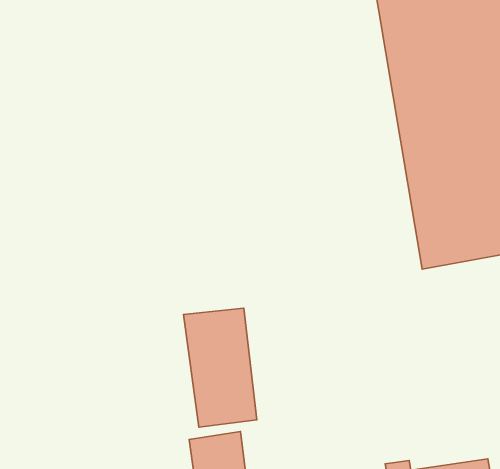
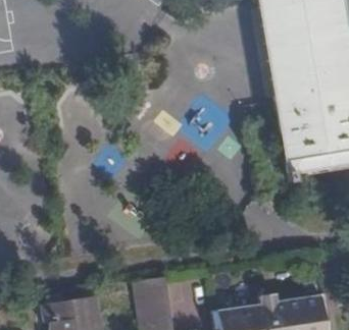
building: [184,308,257,427] -> none

